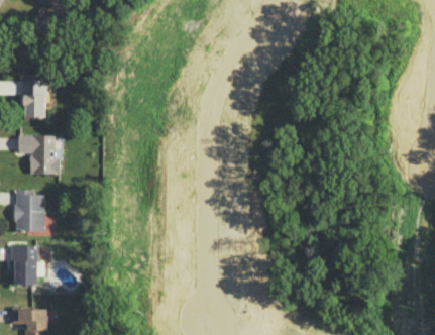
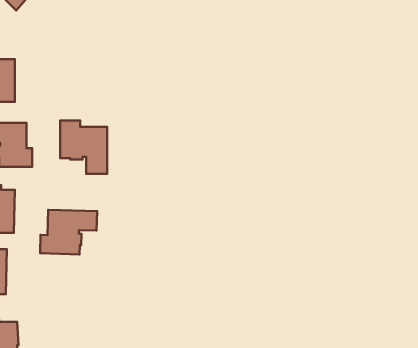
building: none -> [60,120,107,174]
building: none -> [40,210,97,254]

